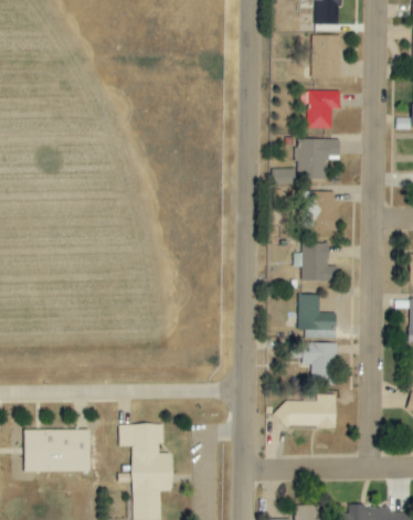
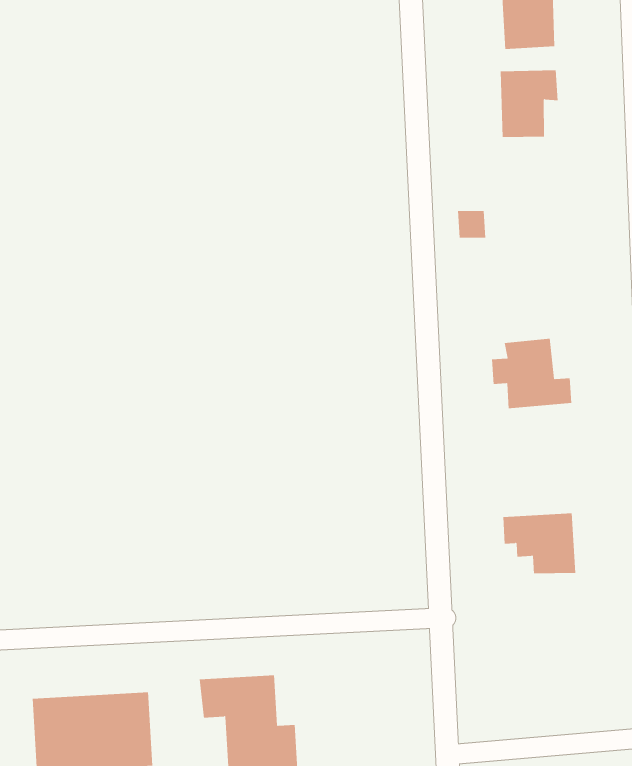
building: [297,139,340,181] -> none
building: [305,191,338,232] -> none
building: [298,295,336,338] -> none
building: [278,394,336,426] -> none

